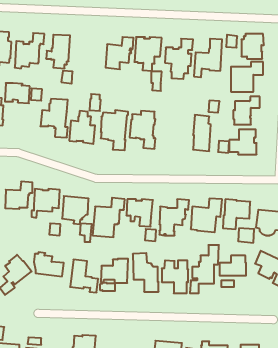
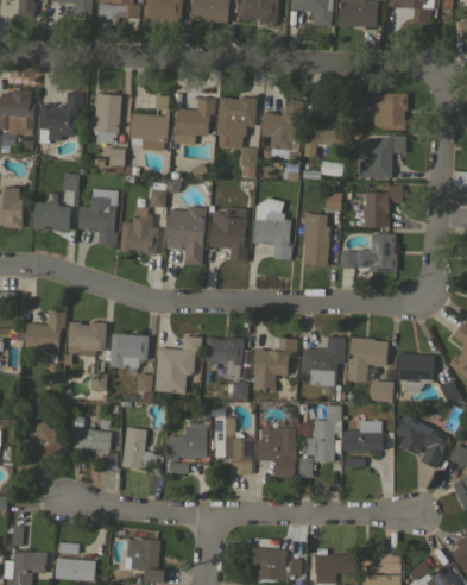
building: none -> [130,95,170,151]
building: [5,83,30,103] -> [33,202,70,232]
building: none -> [253,197,292,260]

